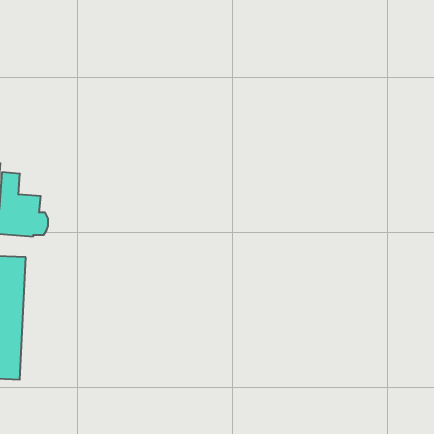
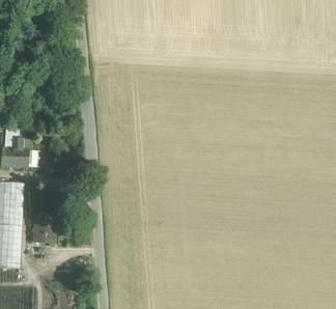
building: none -> [32,213,55,243]

